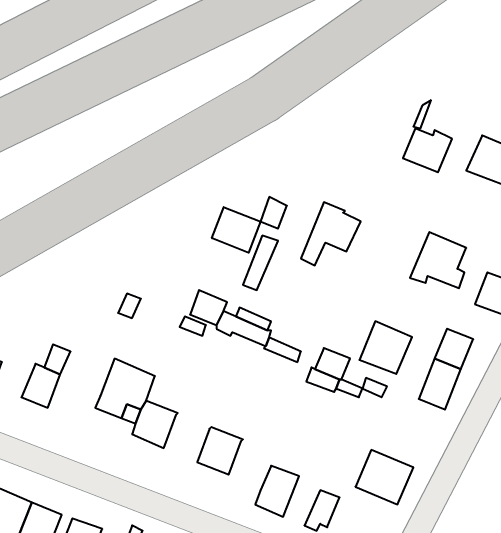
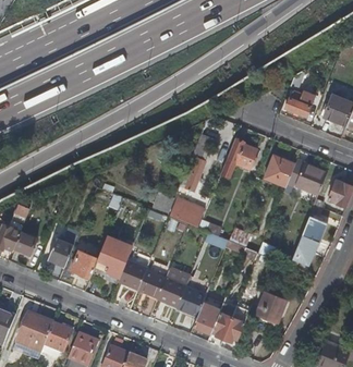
building: [212,207,260,253] -> none
building: [359,321,412,374] -> [263,154,295,186]
building: none -> [69,248,96,276]
building: none -> [135,268,163,297]
building: none -> [174,284,204,315]
building: none -> [209,301,235,337]

